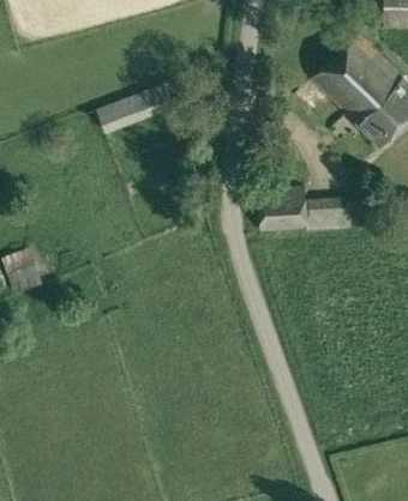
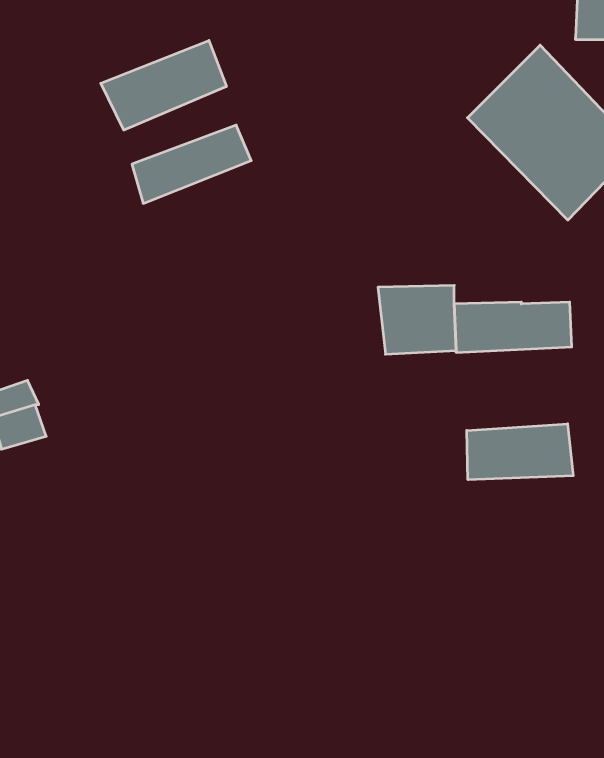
building: none -> [101,40,226,130]
building: none -> [467,424,573,480]

